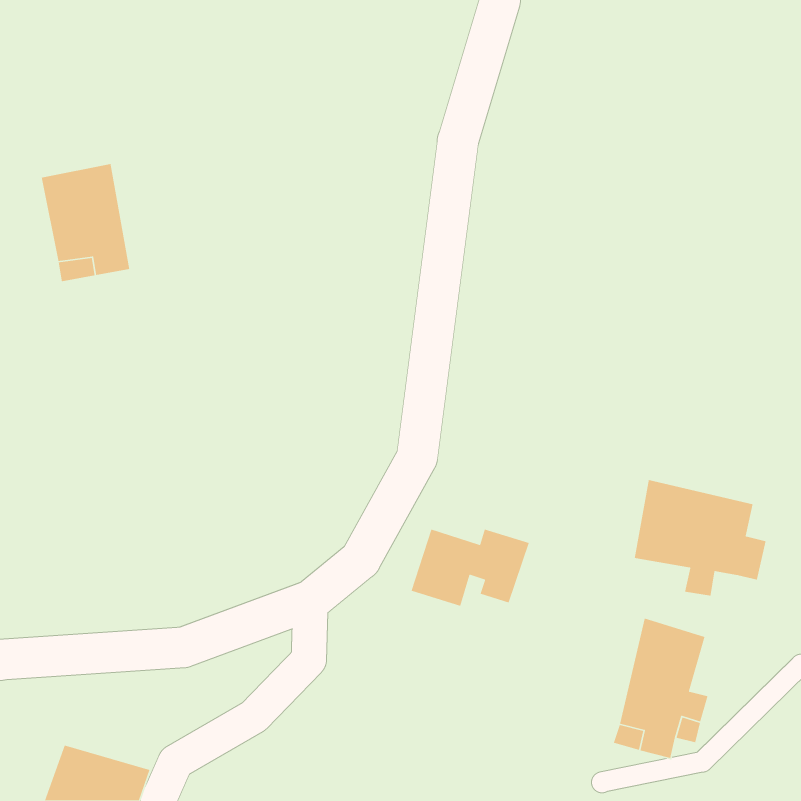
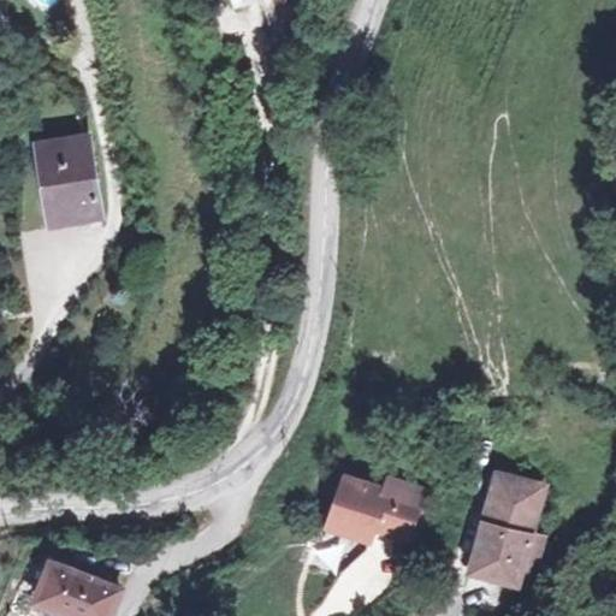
building: [634,479,767,597] -> none
building: [411,528,530,607] -> [327,480,419,540]

